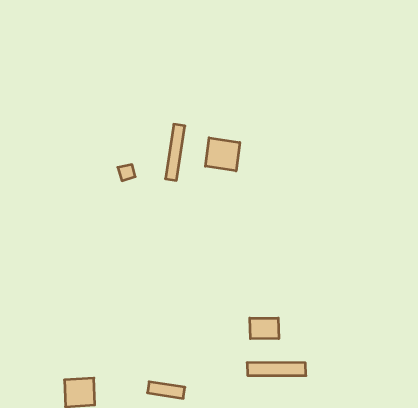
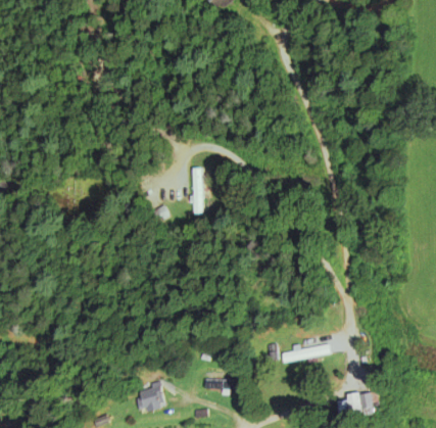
building: [205,138,240,171] -> none
building: [250,318,279,339] -> none

